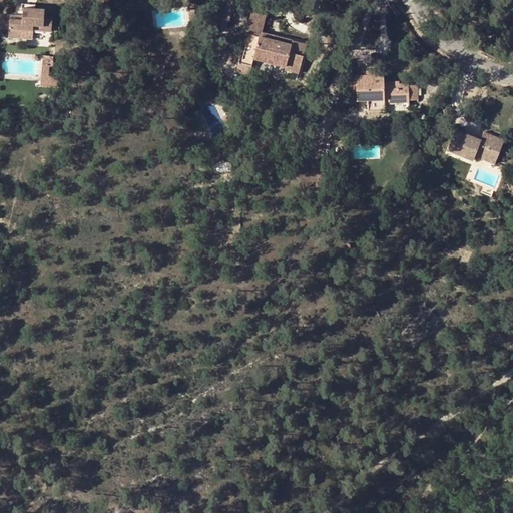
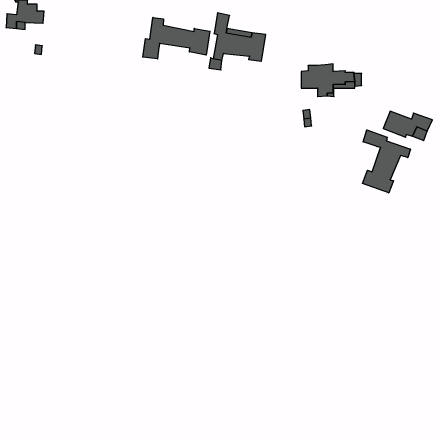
building: none -> [143,17,210,59]
building: none -> [362,130,410,193]

